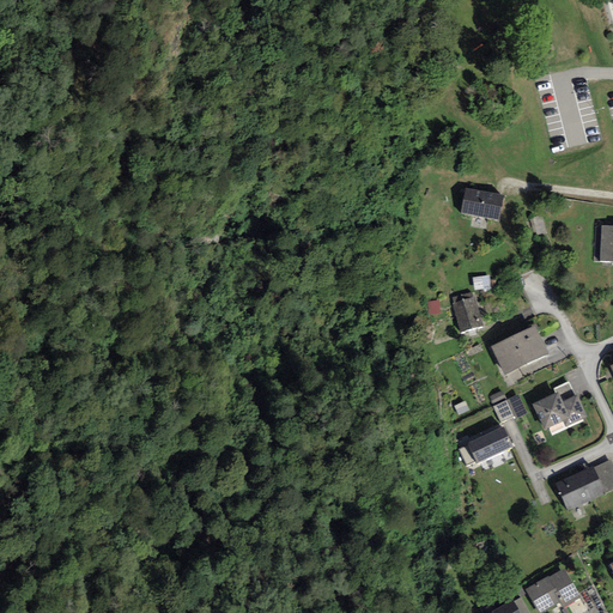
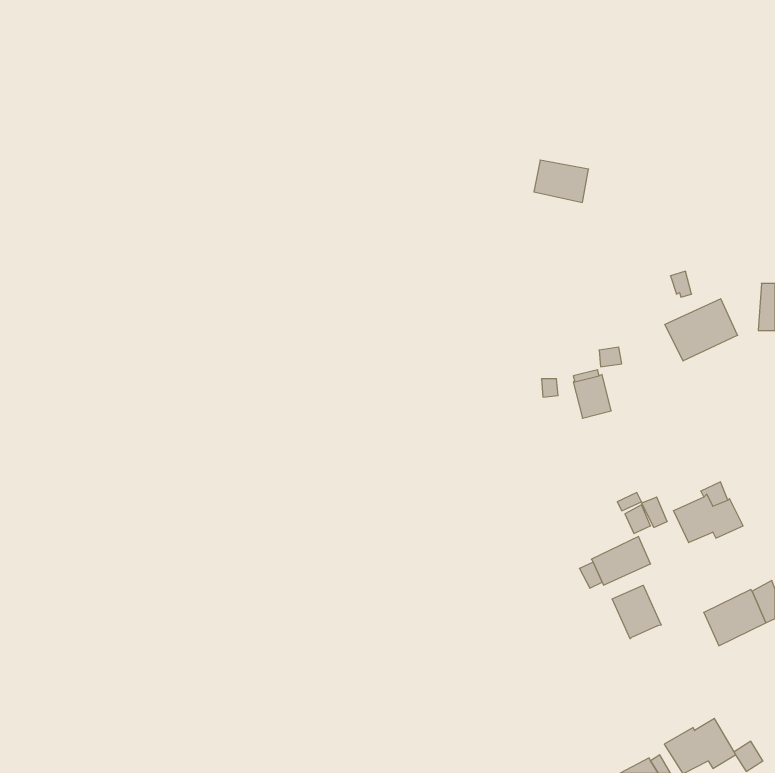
building: [461,187,504,220] -> [534,160,589,202]
building: [491,324,548,374] -> [665,299,738,361]
building: none -> [612,585,661,639]

